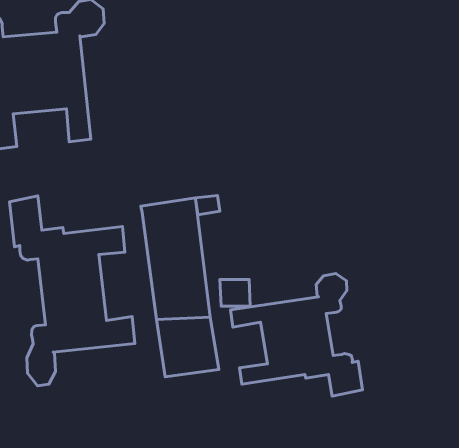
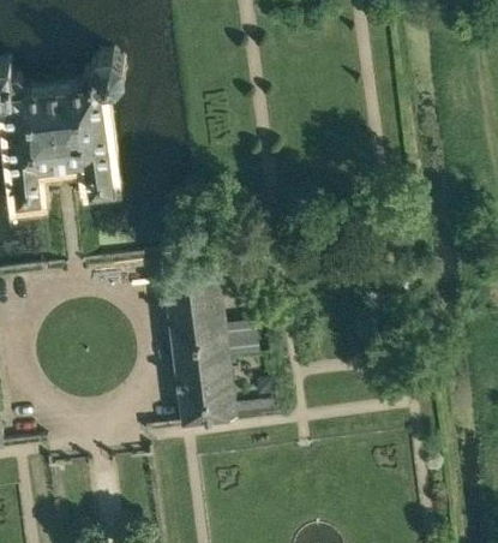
building: [9,196,135,386] -> none
building: [230,274,363,396] -> none

